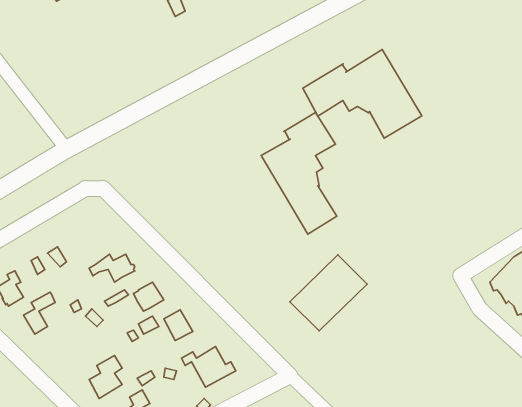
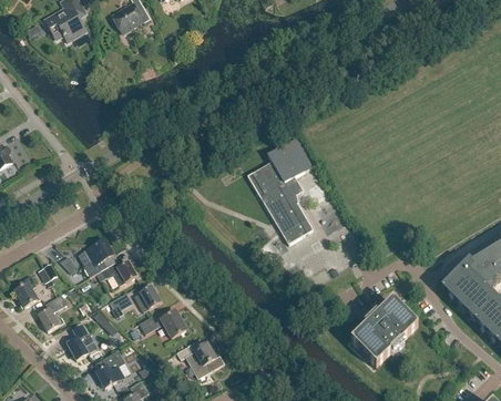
building: [303,50,422,138] -> none
building: none -> [82,238,113,277]
building: [290,255,367,331] -> [349,300,417,367]
building: none -> [67,325,93,360]

